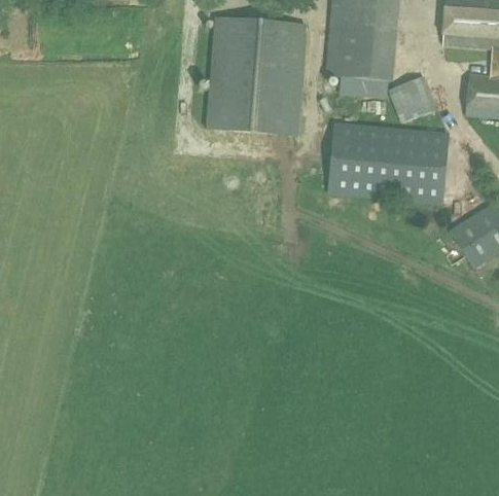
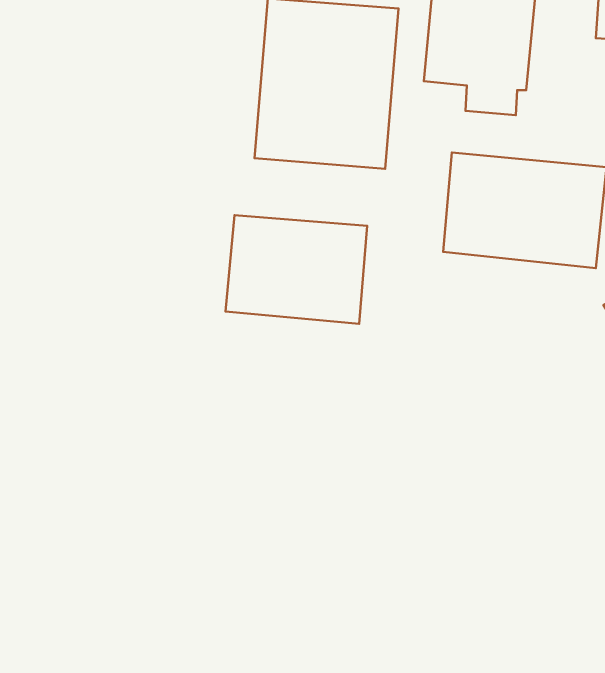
building: [388,75,436,122] -> none
building: none -> [225,215,367,324]

